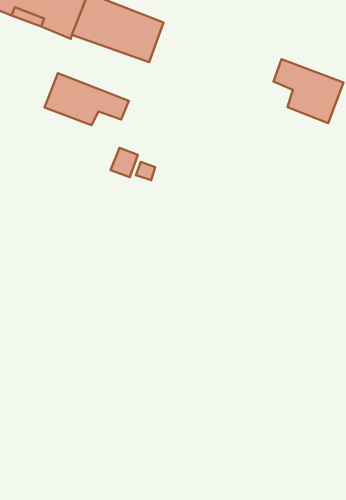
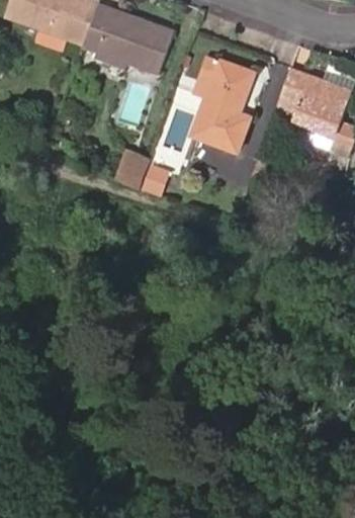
building: none -> [192,58,254,151]
building: [44,73,129,125] -> none

